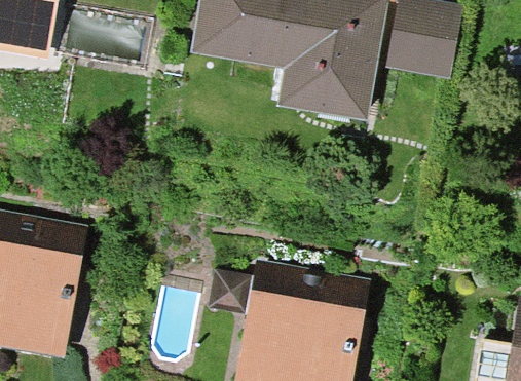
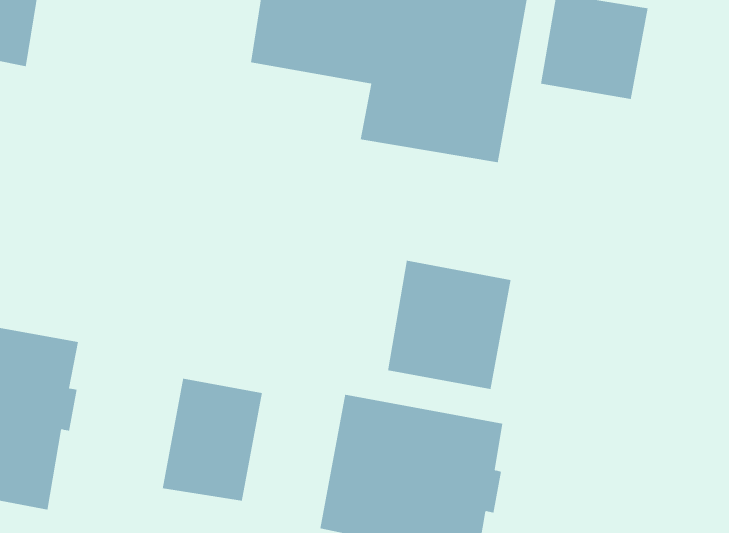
building: none -> [388,260,511,390]
building: none -> [162,378,262,502]

